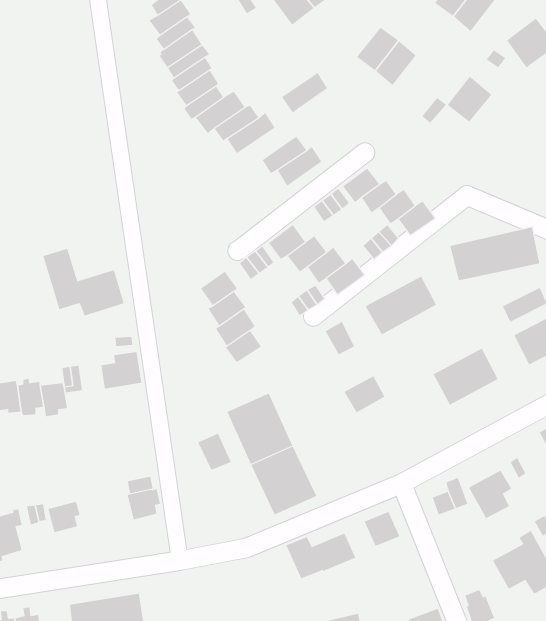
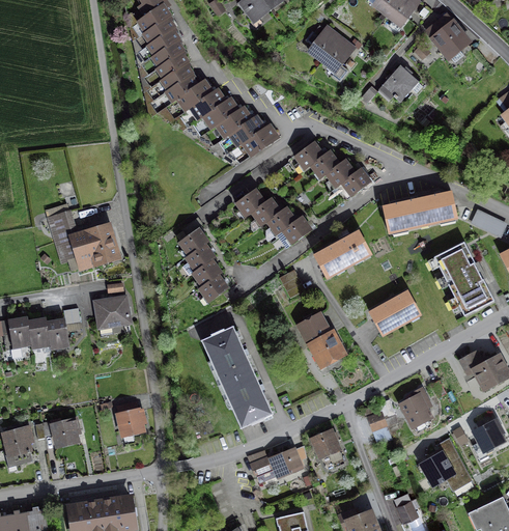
building: [281,72,328,113] -> [214,106,252,140]
building: none -> [306,330,348,371]
building: [198,433,231,471] -> none

